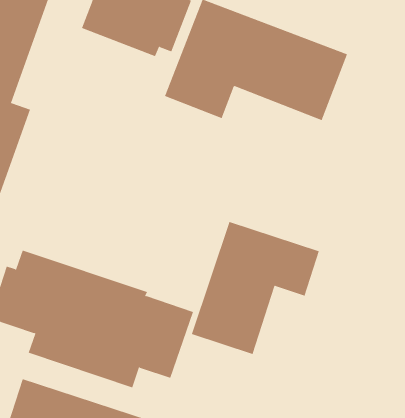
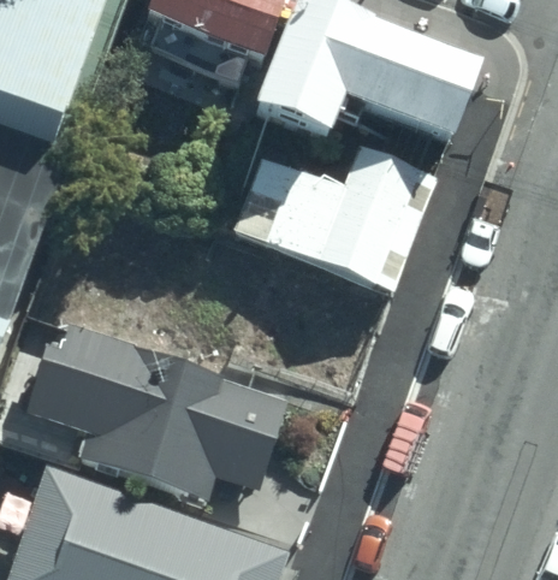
building: none -> [232,141,434,291]
building: [191,221,319,355] -> none

